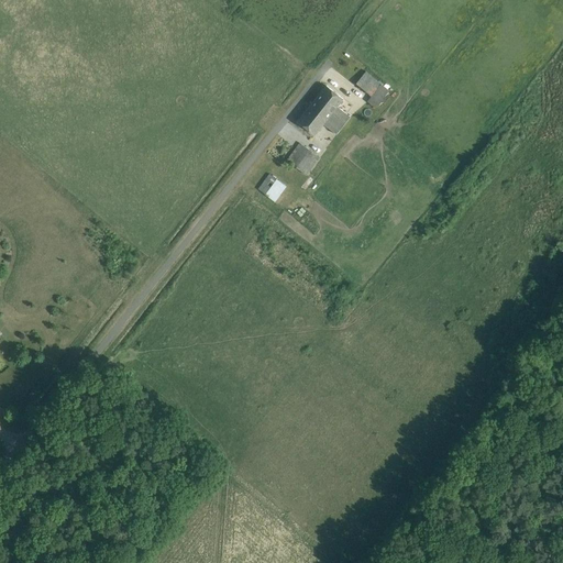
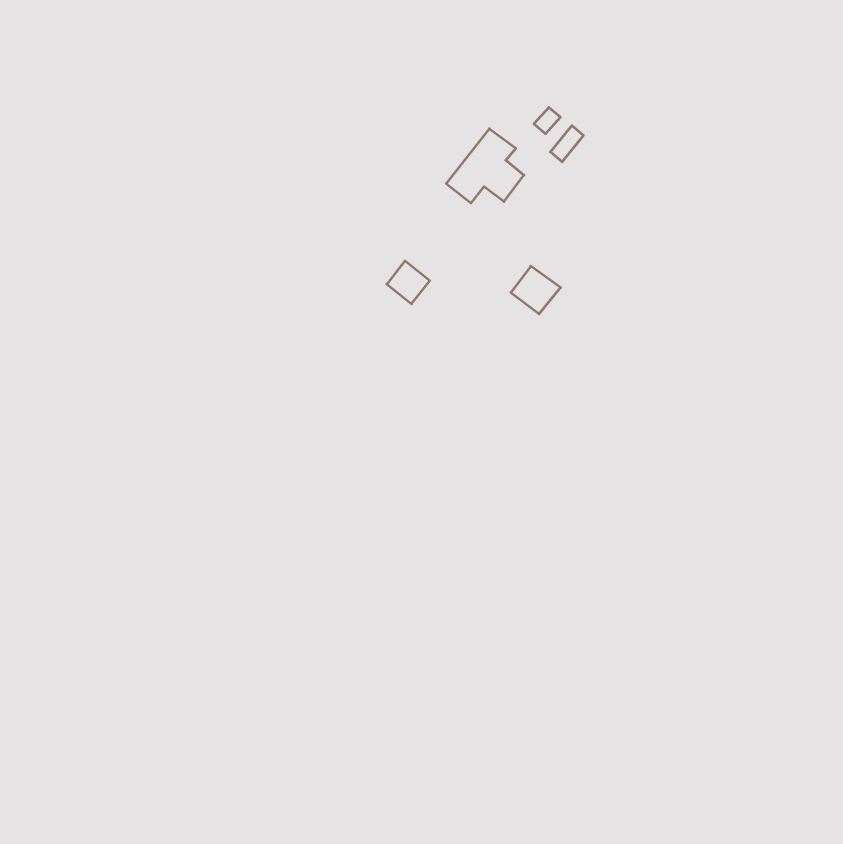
building: [287,142,320,174] -> [511,266,561,314]

